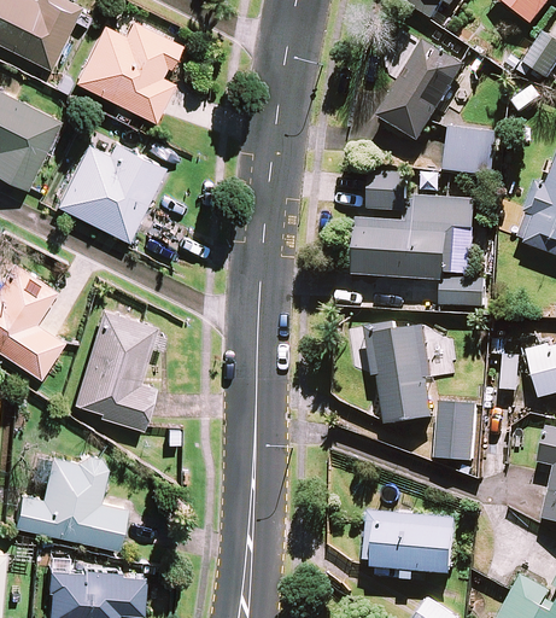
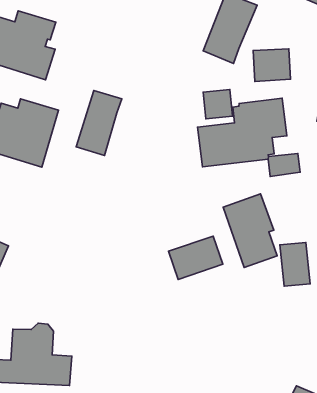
building: none -> [76,91,122,155]
building: [74,309,157,428] -> none
building: none -> [168,236,223,280]
building: [369,512,457,582] -> none

